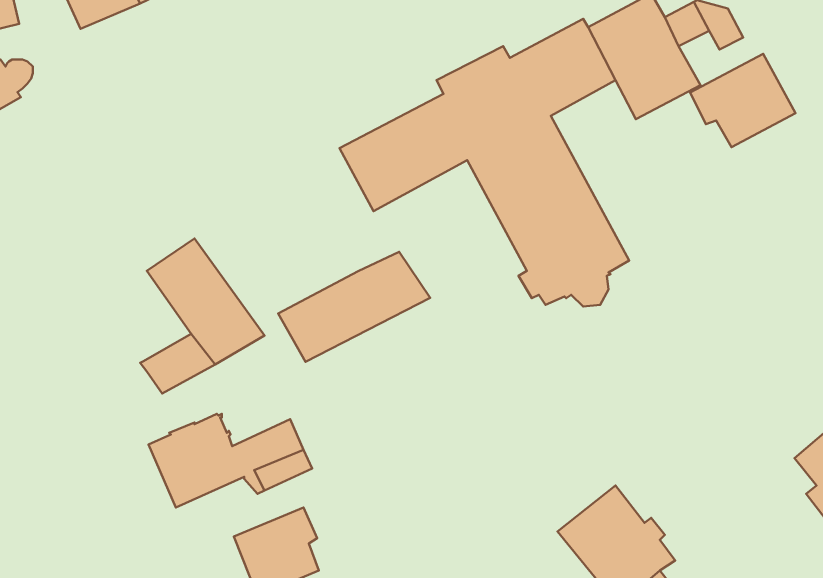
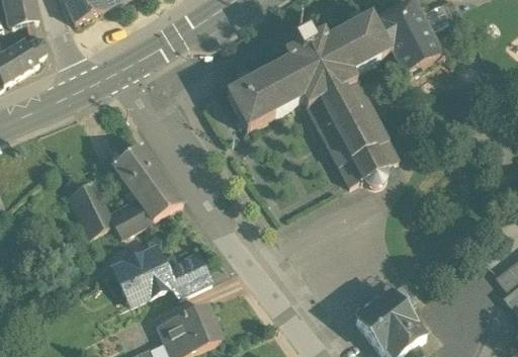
building: [690,54,795,147] -> none
building: [278,252,430,362] -> none
building: none -> [67,183,112,238]

